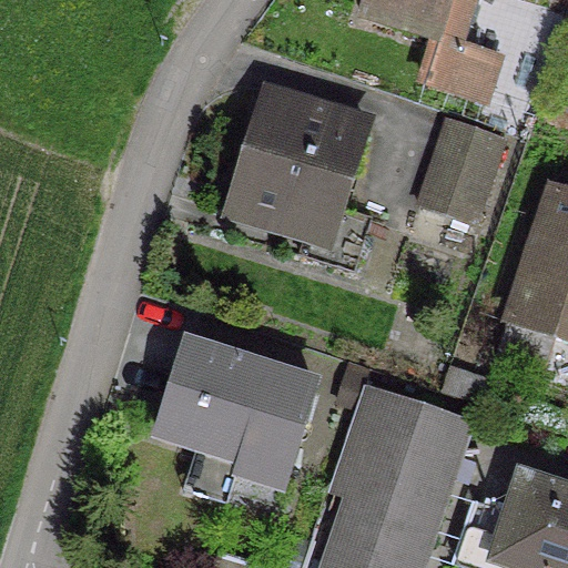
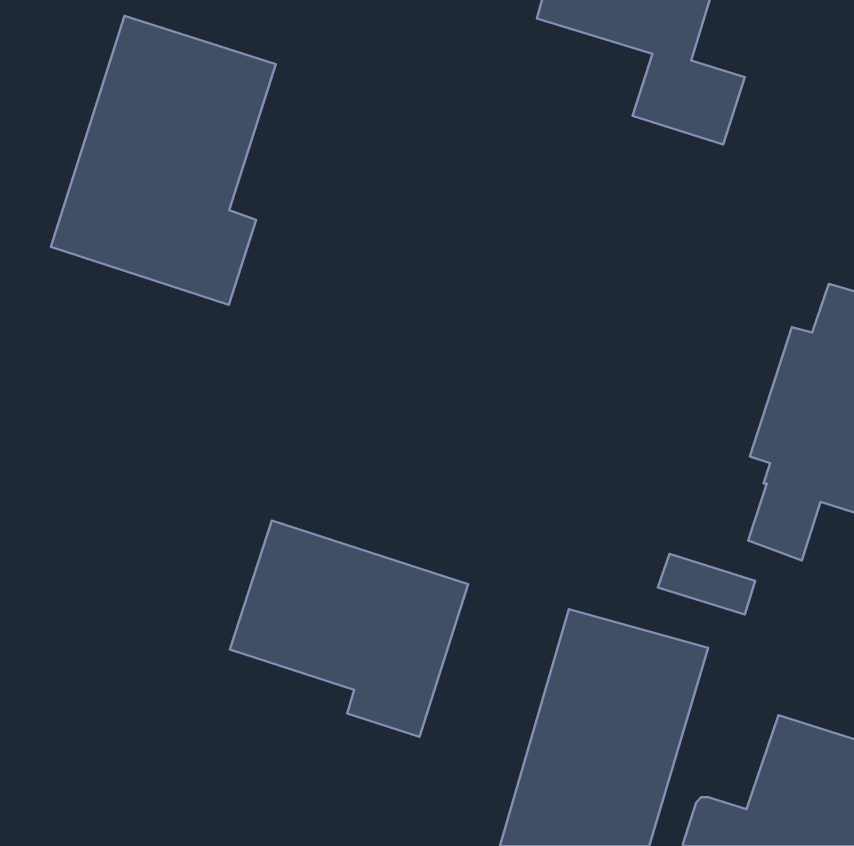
building: none -> [51,16,276,305]
building: [224,92,364,266] -> none
building: [415,118,499,221] -> none

